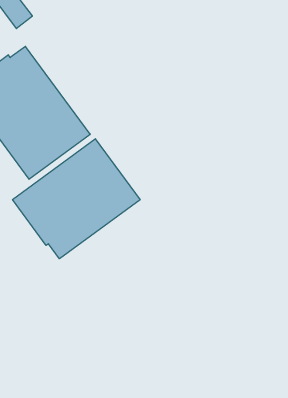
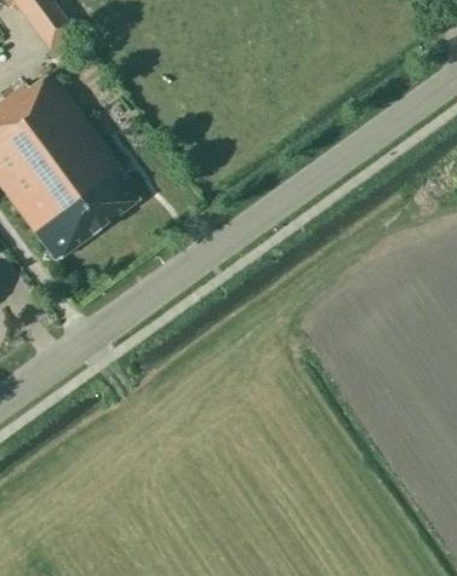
building: [13,139,140,259] -> none

